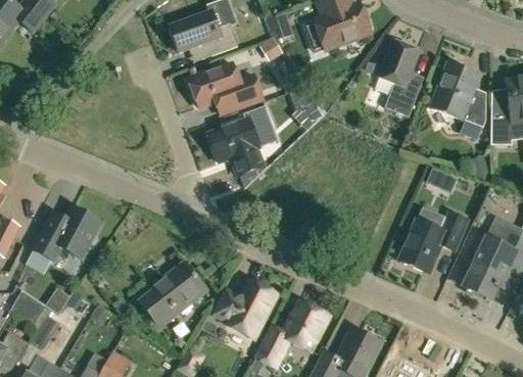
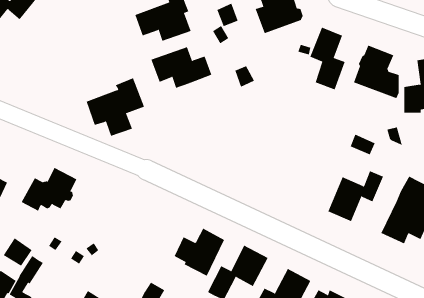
building: [207,104,278,175] -> [86,78,145,137]
building: [140,263,206,328] -> none

